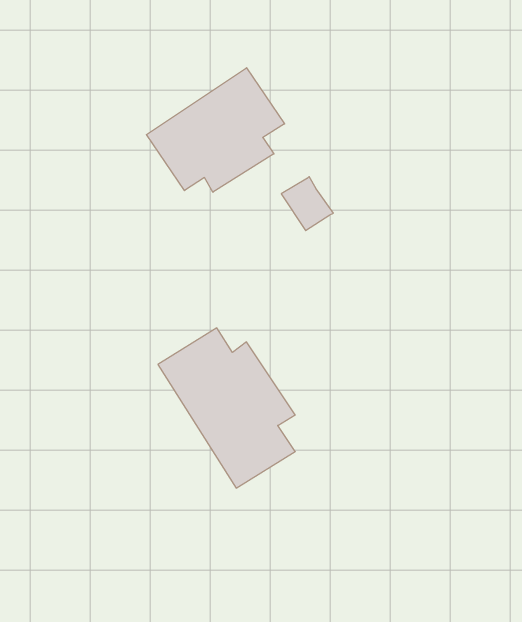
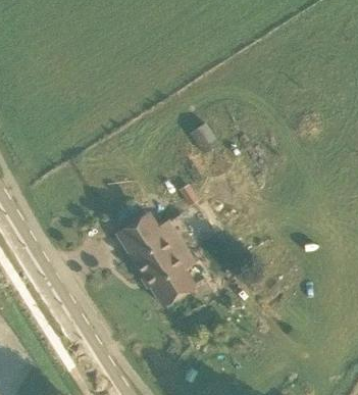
building: [146,68,285,192] -> none

